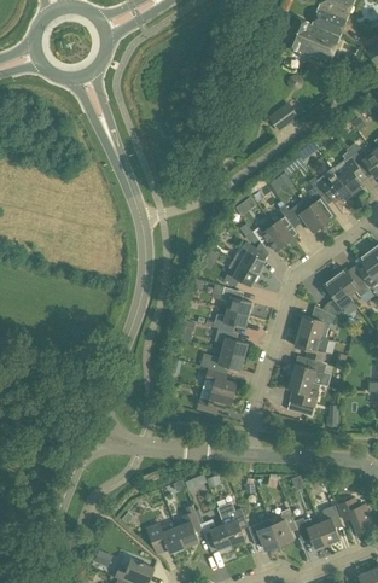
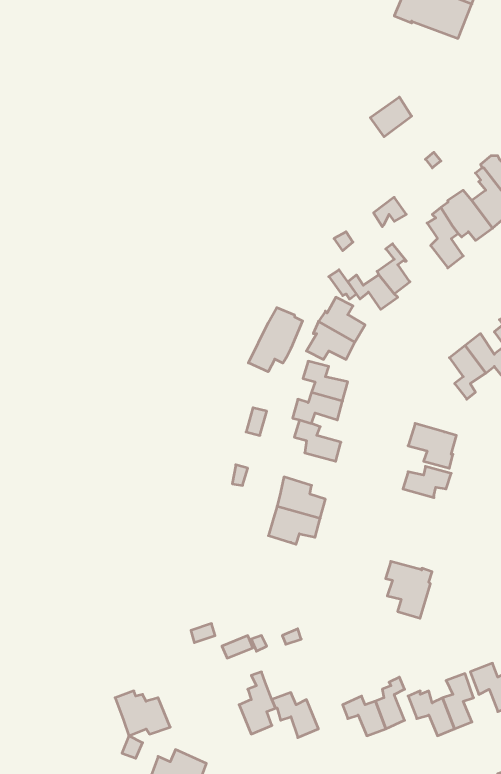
building: [289,199,325,233] -> none
building: none -> [248,308,303,372]
building: [300,309,336,337] -> none
building: [200,351,244,372] -> none
building: [287,377,320,416] -> [386,561,432,618]
building: [223,508,249,544] -> none
building: [146,523,185,554] -> [115,691,170,736]

